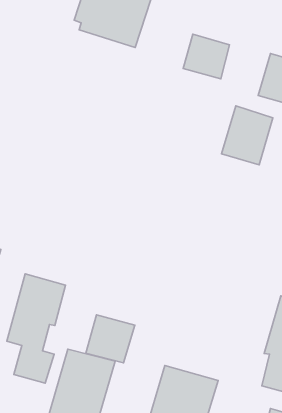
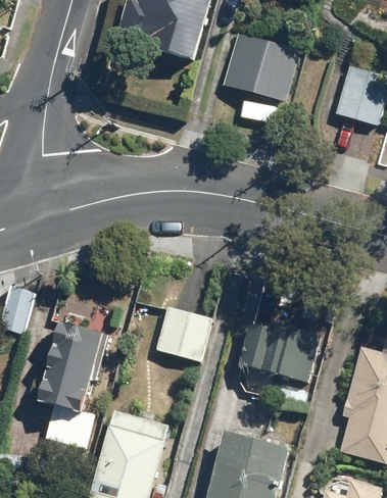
building: [222,106,273,165] -> none
building: none -> [239,320,320,382]
building: [86,315,135,363] -> [155,305,212,361]

